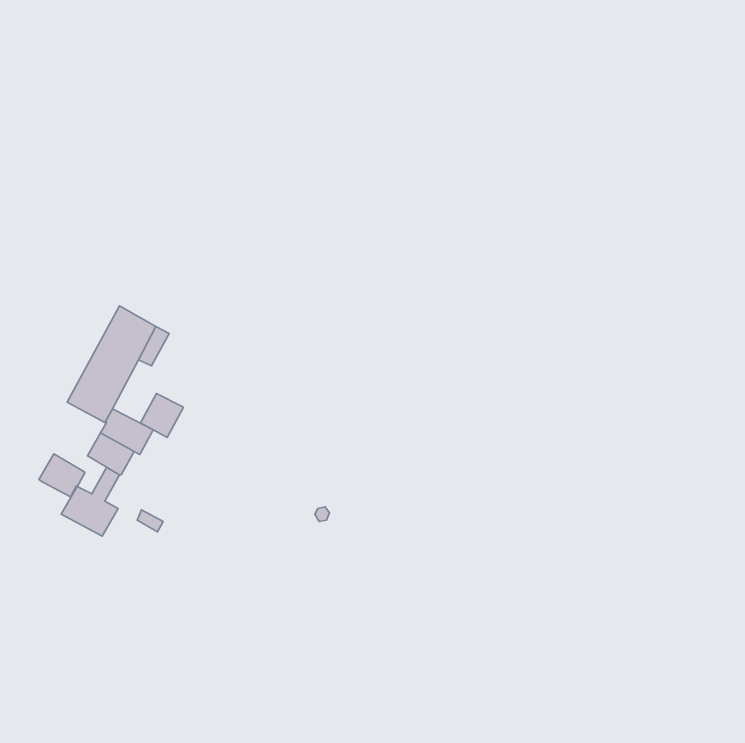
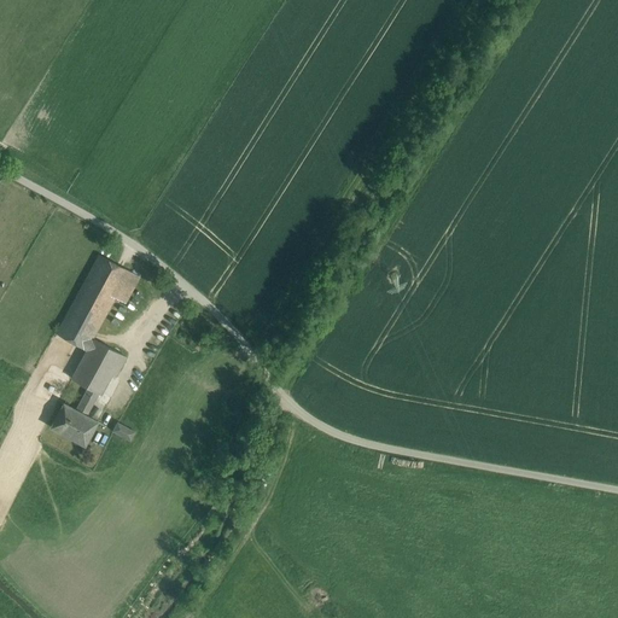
building: [140,393,183,437] -> none
building: [39,454,85,497] -> none

